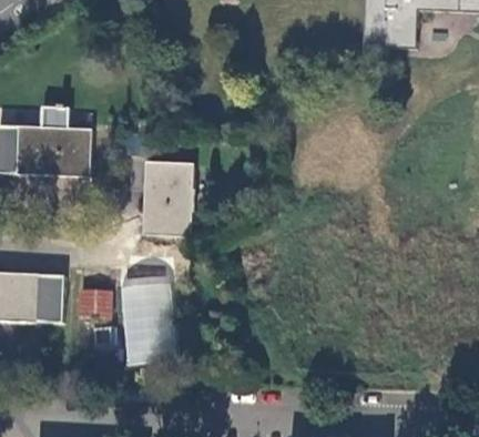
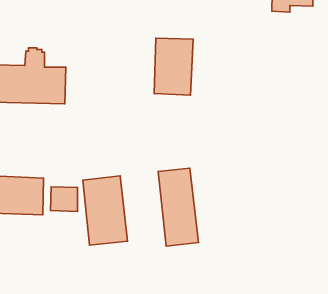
building: [143,162,194,236] -> [154,38,193,95]
building: none -> [158,168,199,246]

